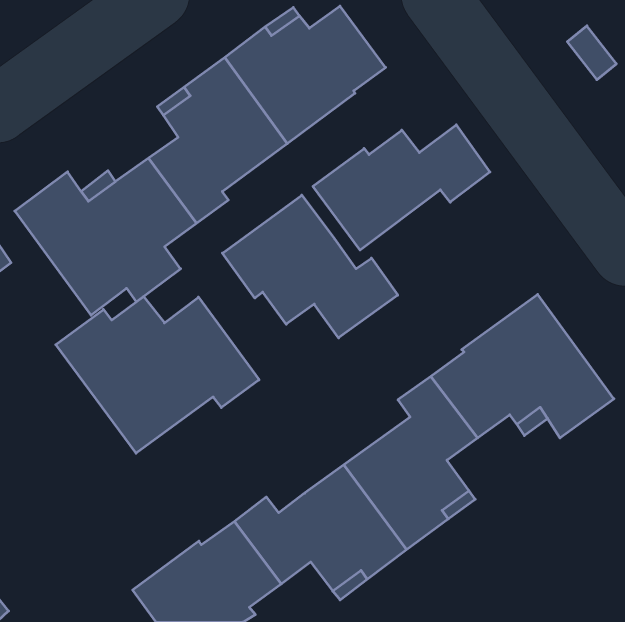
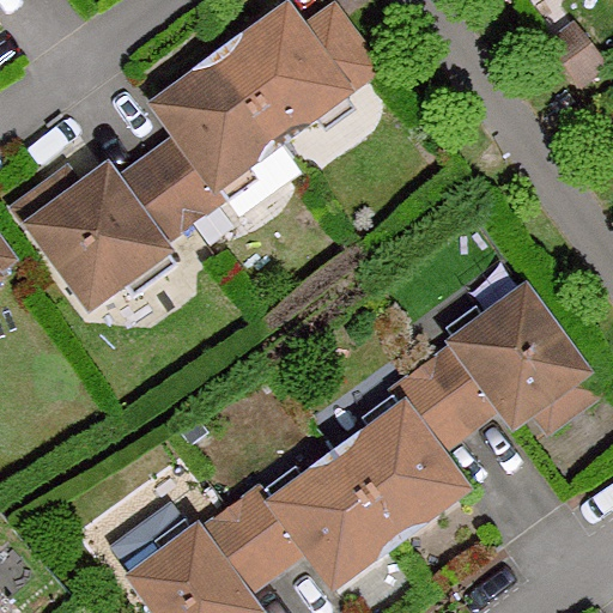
building: [313,125,490,250] -> none
building: [222,195,398,338] -> none
building: [56,297,259,453] -> none

